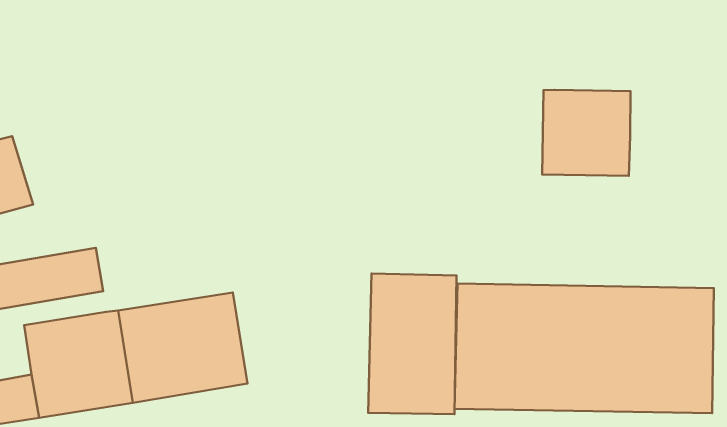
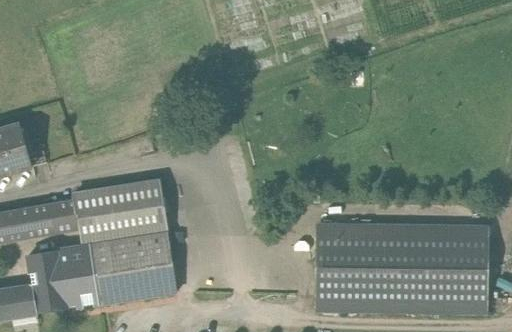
building: [542,90,630,176] -> none
building: none -> [73,179,166,242]
building: [368,274,456,414] -> none

